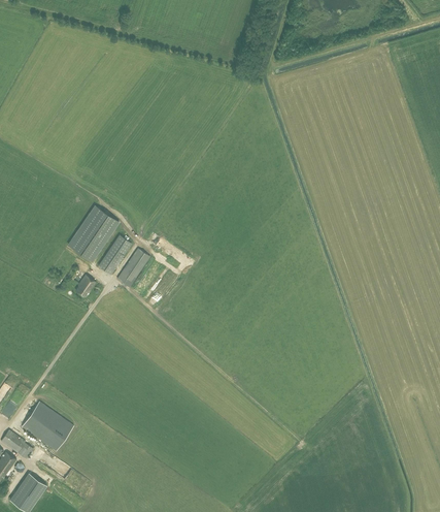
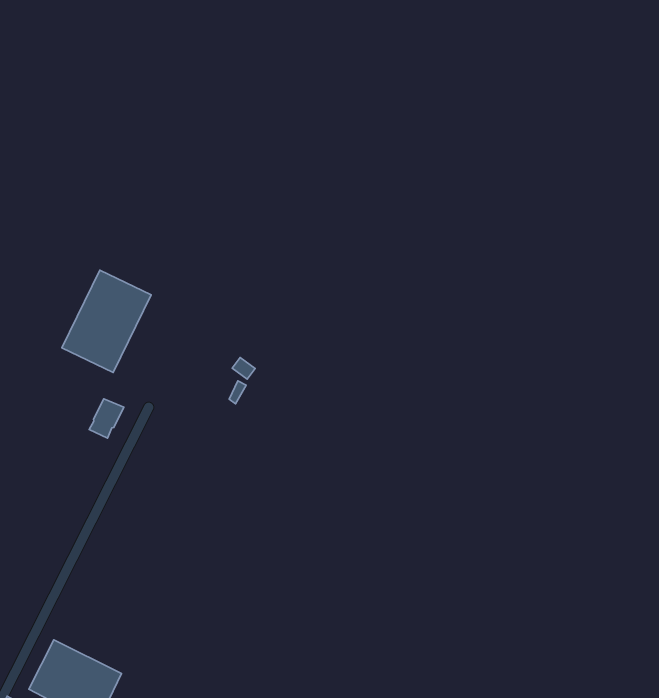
building: [98,234,131,274] -> none
building: [116,248,149,287] -> none

